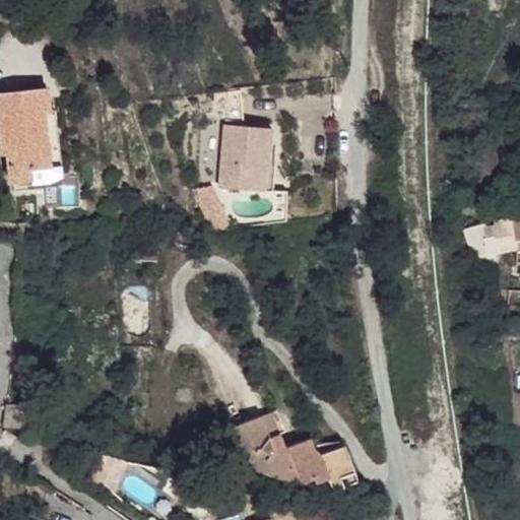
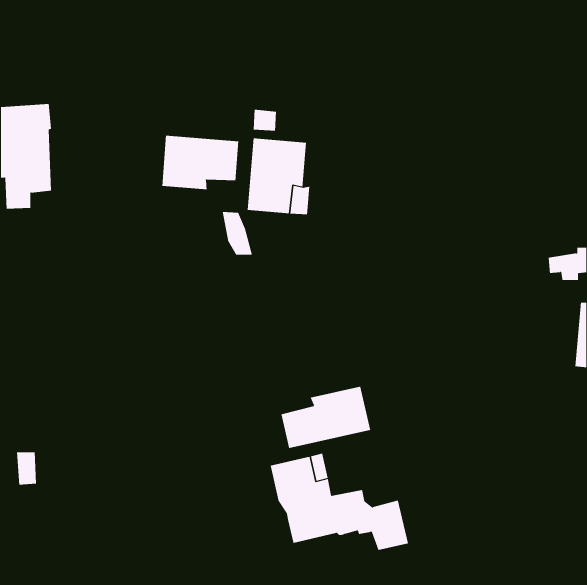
building: none -> [162,135,239,190]
building: none -> [281,386,371,449]

